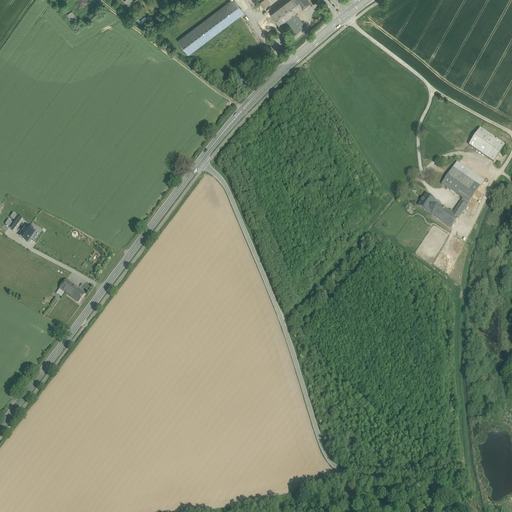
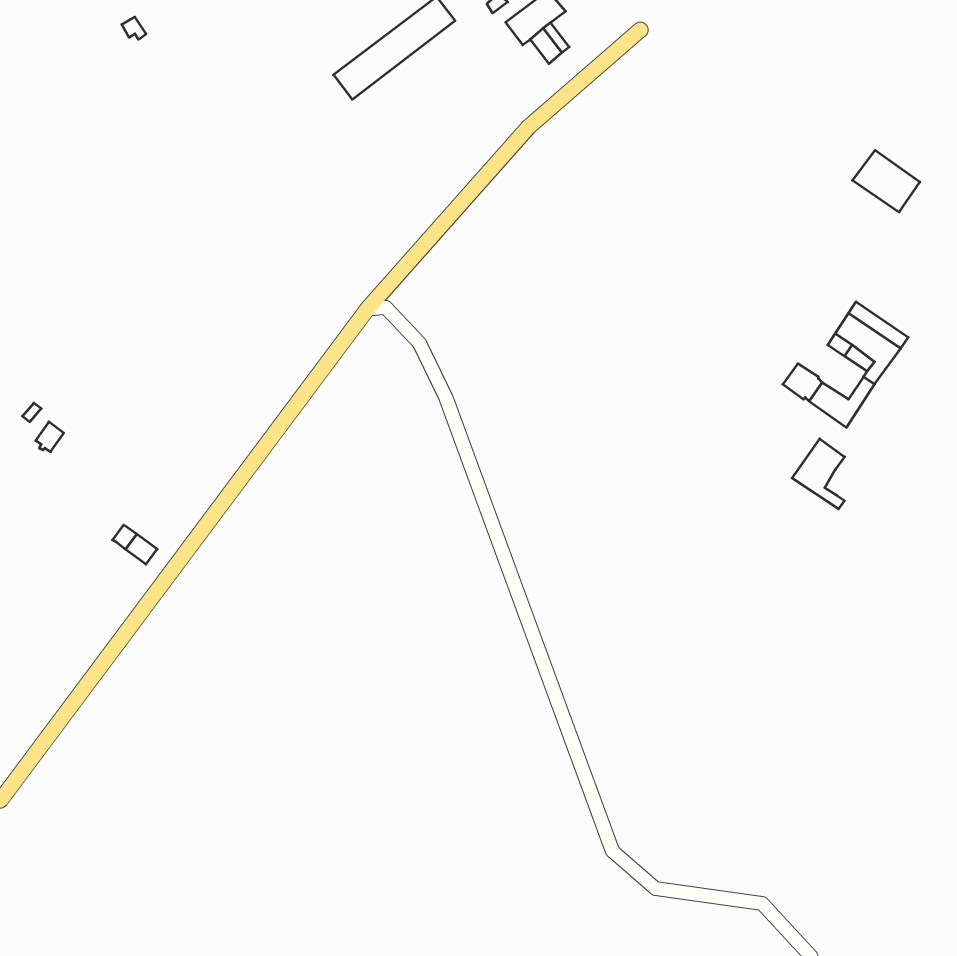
building: [469,128,505,161] -> [852,150,920,212]
building: none -> [792,439,845,509]

